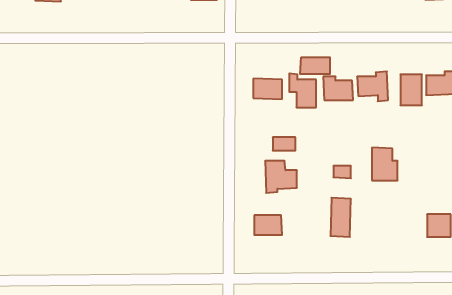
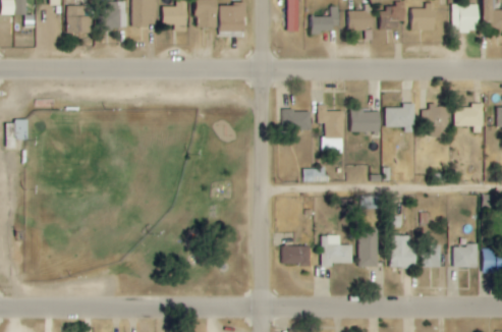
building: [300,57,330,74] -> none
building: [372,148,398,180] -> [391,234,416,267]
building: [265,161,297,193] -> [321,235,352,267]
building: none -> [421,243,441,267]

